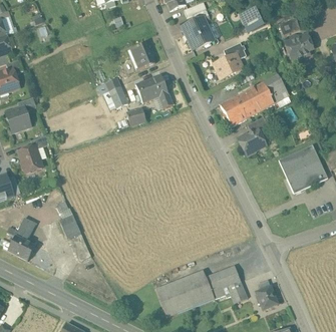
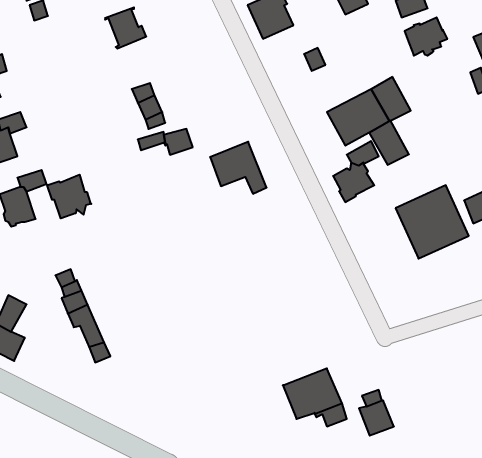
building: [128,43,155,70] -> [105,7,146,49]
building: [135,73,173,107] -> [210,142,267,194]
building: [220,96,246,125] -> [369,121,409,165]
building: none -> [47,175,91,218]
building: [155,270,214,316] -> none

